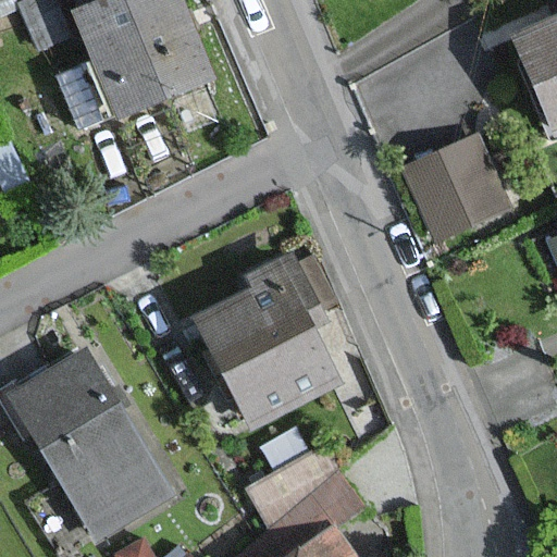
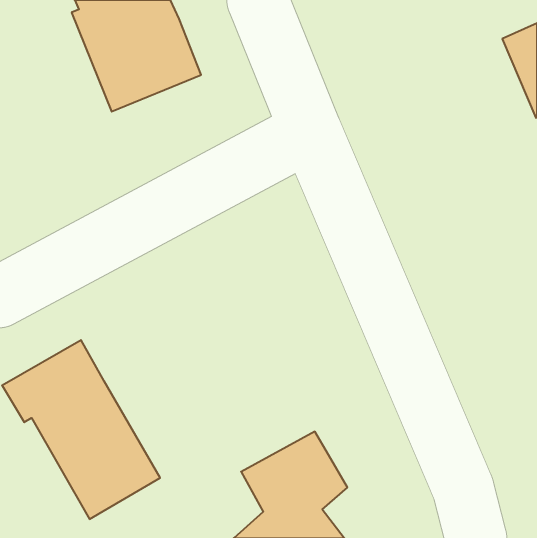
building: [407,137,506,237] -> none
building: [199,258,336,424] -> none

